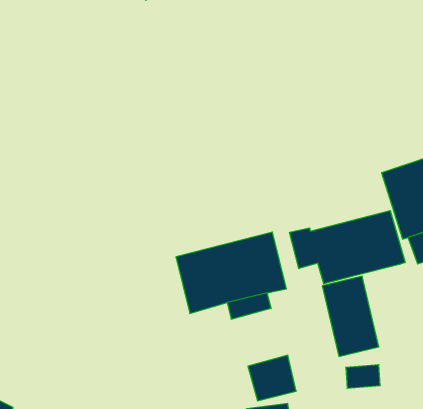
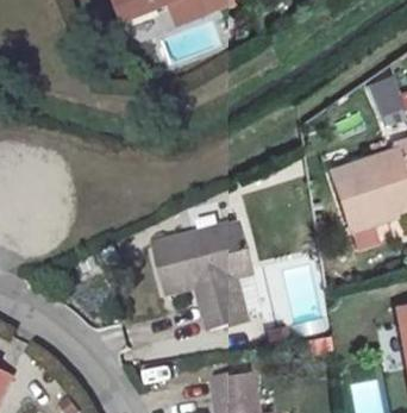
building: [290,211,405,284] -> none
building: [248,355,296,401] -> [200,288,242,327]

